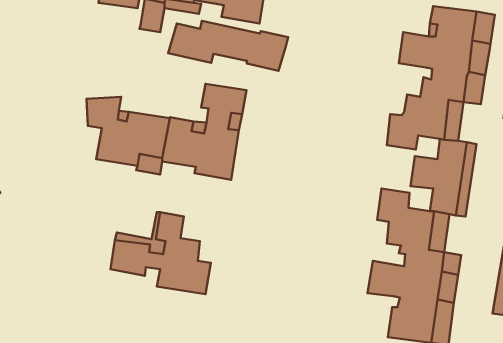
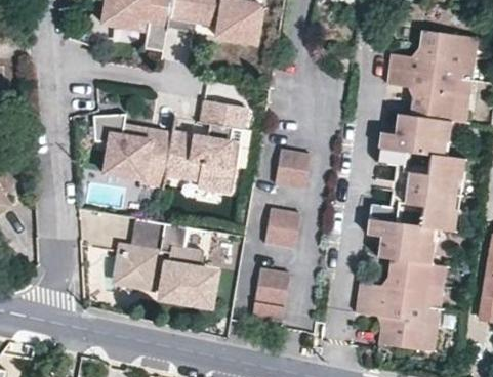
building: [168,21,288,71] -> none
building: none -> [275,148,309,186]
building: none -> [264,207,298,247]
building: none -> [121,217,159,249]
building: none -> [253,266,290,320]

